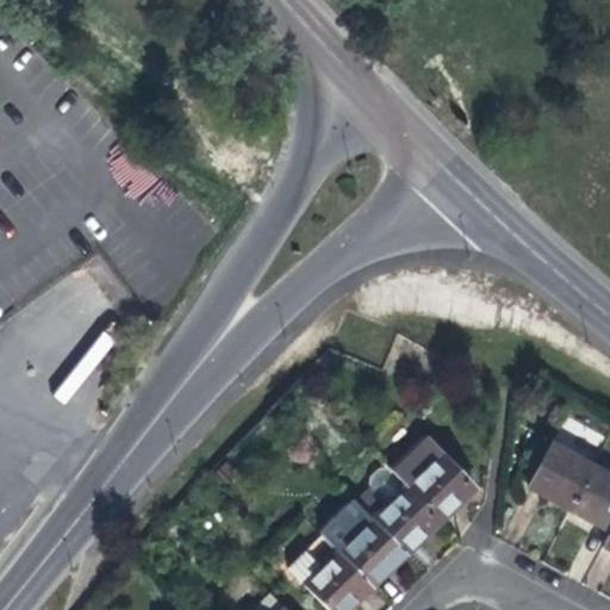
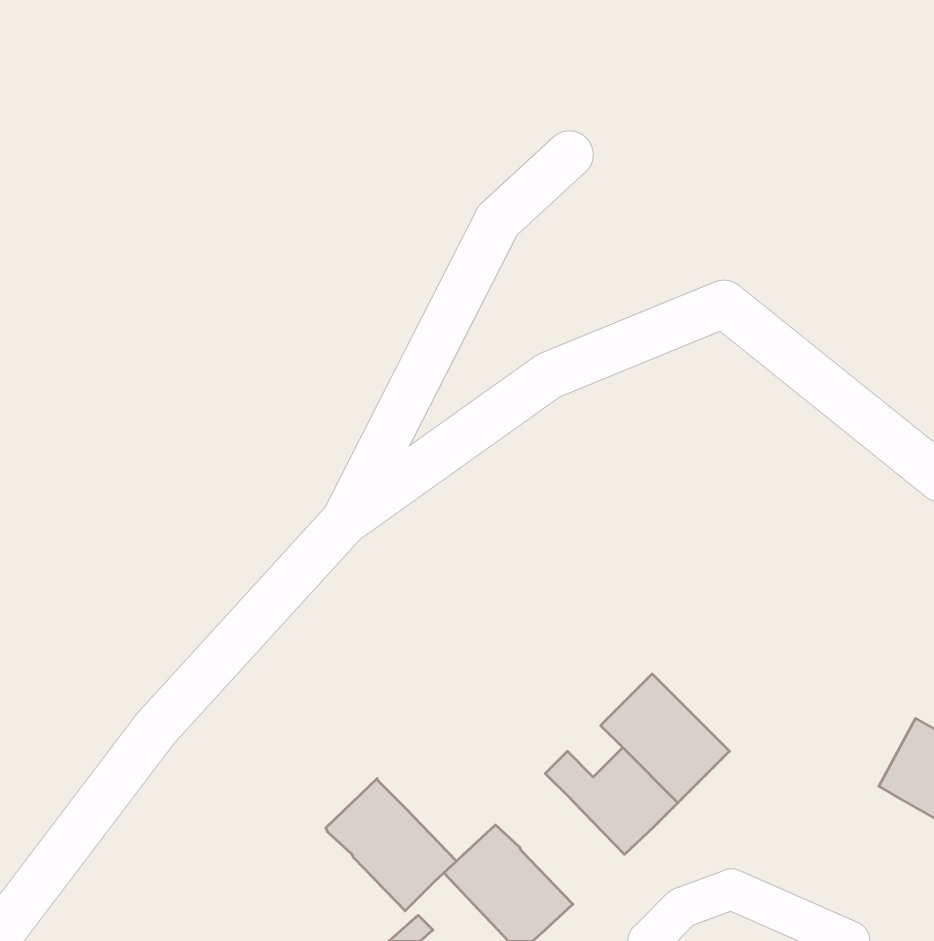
building: [529,440,597,509] -> none
building: [324,499,409,585] -> [326,778,457,911]

